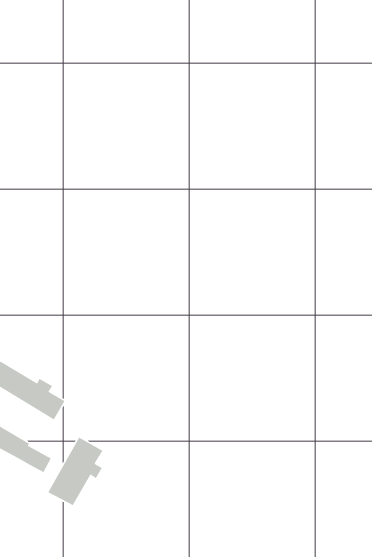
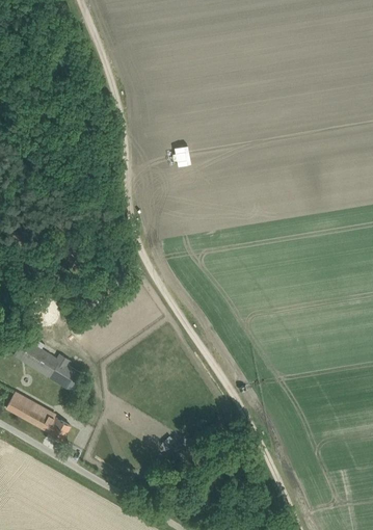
building: [47,436,104,506] -> none

